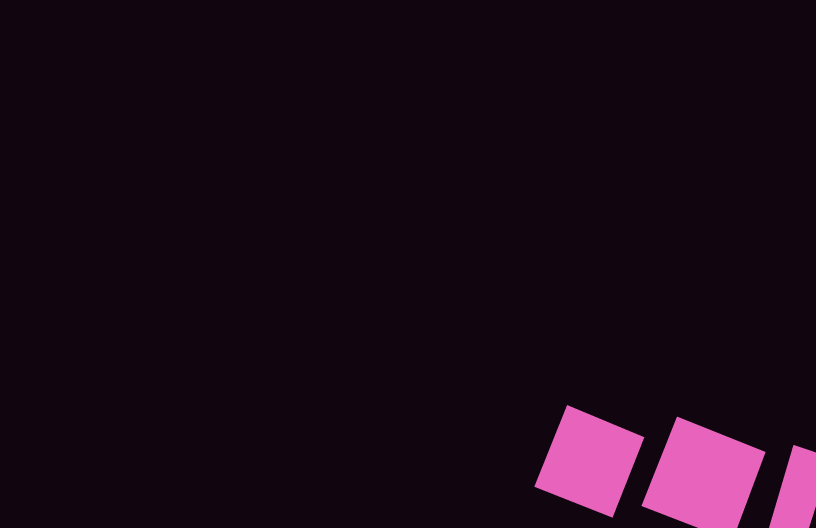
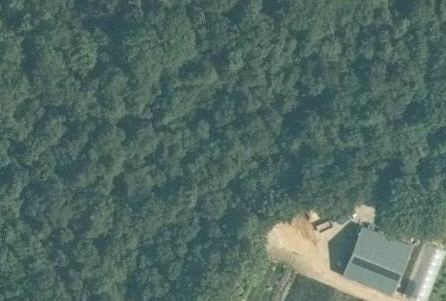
building: [533,404,645,519] -> none

